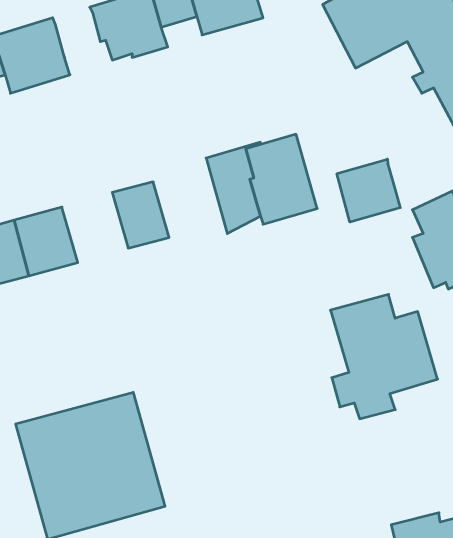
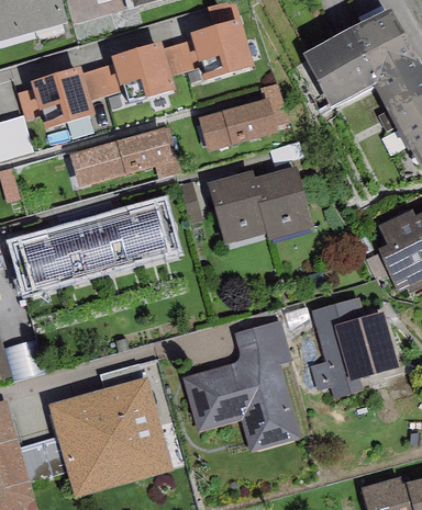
building: none -> [81,61,124,99]
building: none -> [198,98,277,150]
building: none -> [69,125,178,186]
building: [337,159,400,222] -> none
building: none -> [87,211,142,269]
building: none -> [182,318,300,450]

